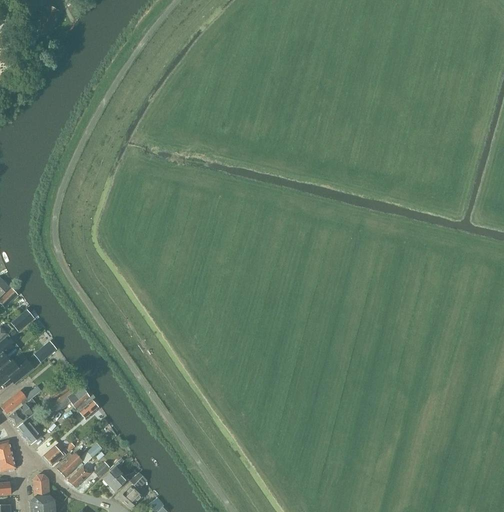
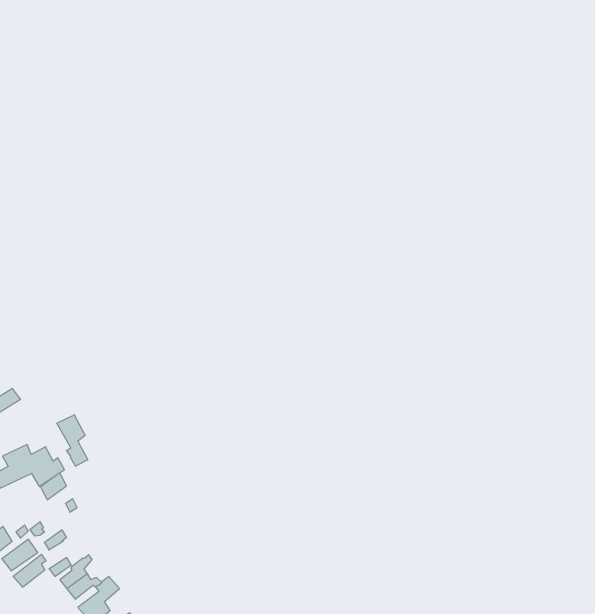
building: none -> [57,415,88,466]

